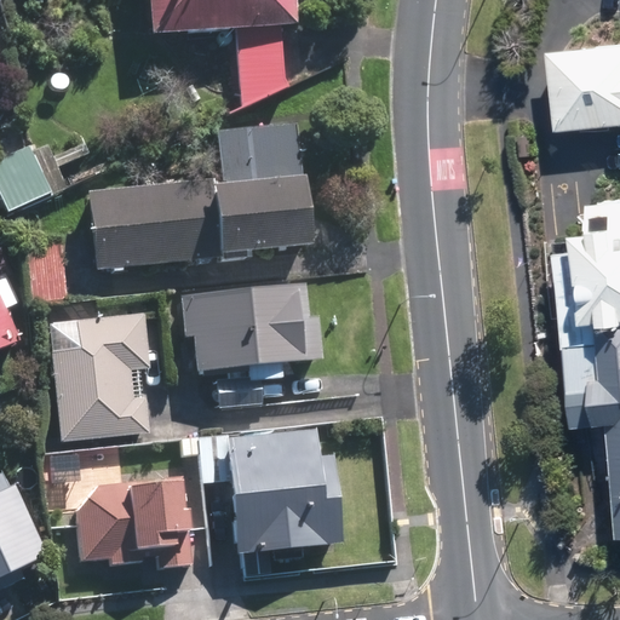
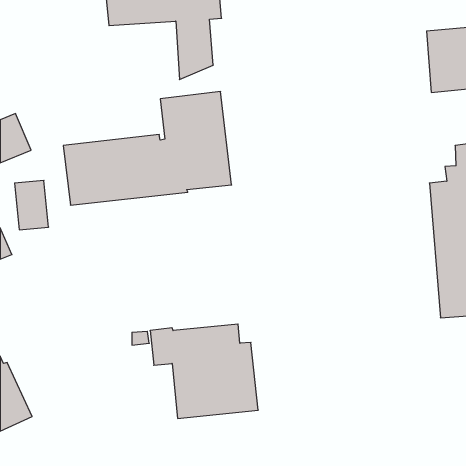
building: [179,280,322,407] -> none
building: [52,294,166,438] -> none
building: [76,473,190,567] -> none

